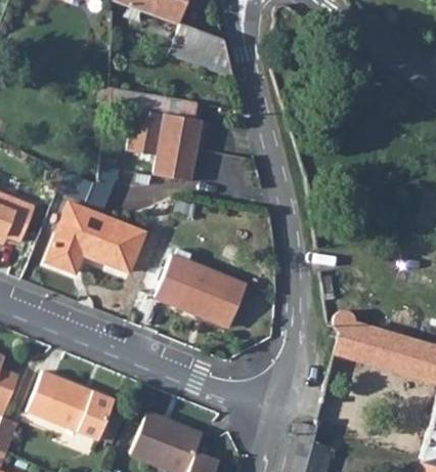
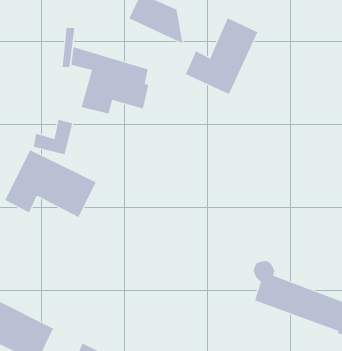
building: none -> [185,18,258,95]
building: [152,141,194,182] -> none
building: [156,256,247,328] -> none

